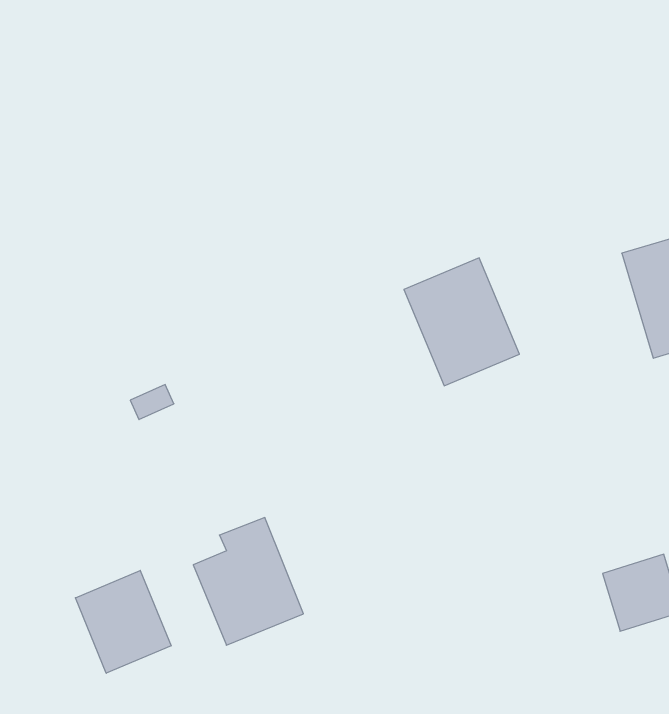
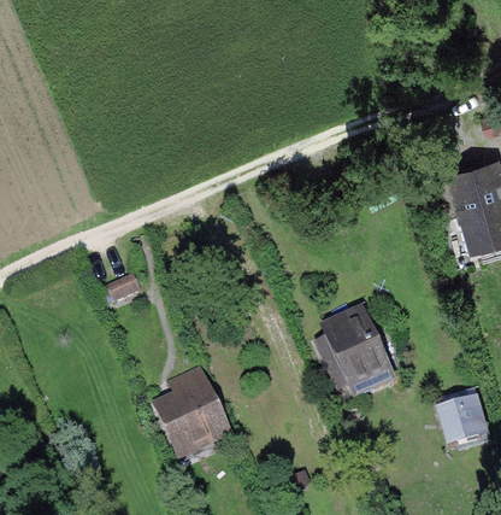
building: [404,258,519,386] -> [319,300,399,388]
building: [75,570,171,673] -> none

